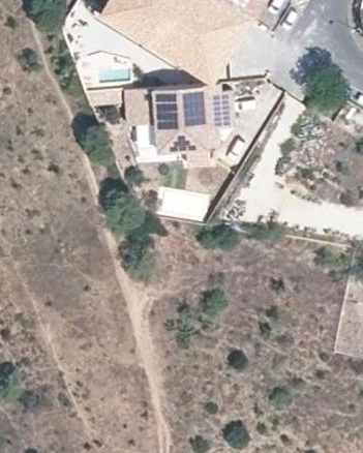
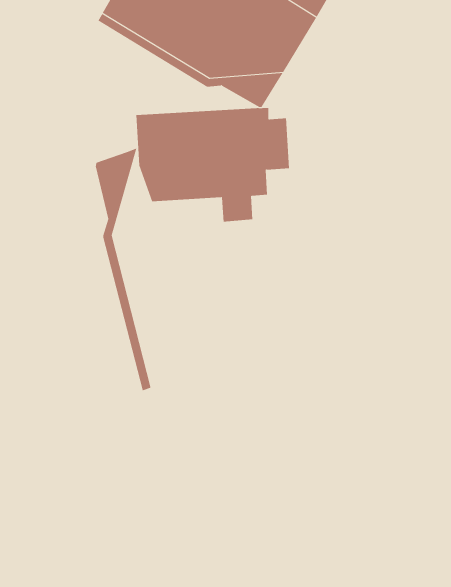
building: none -> [95,147,151,391]

